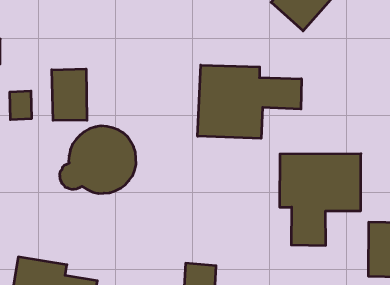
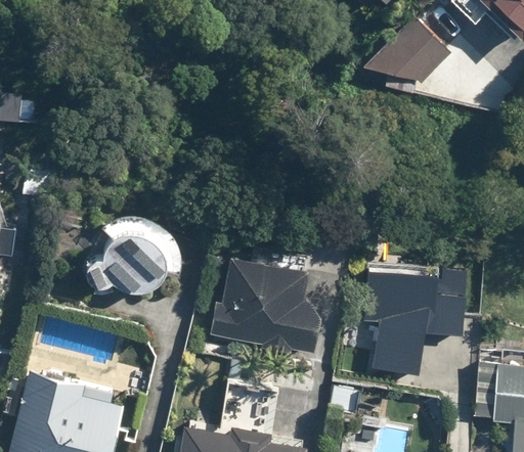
building: [198,65,301,138] -> none
building: [52,69,87,120] -> none
building: none -> [213,250,322,353]

